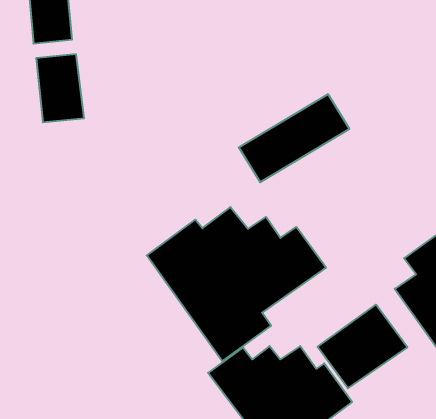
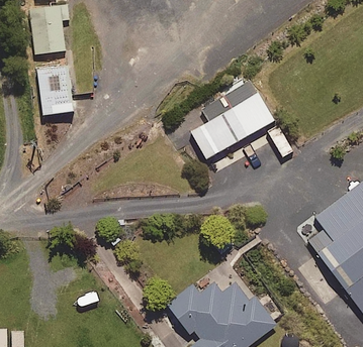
building: [147,207,326,361] -> none
building: [318,305,407,388] -> none

